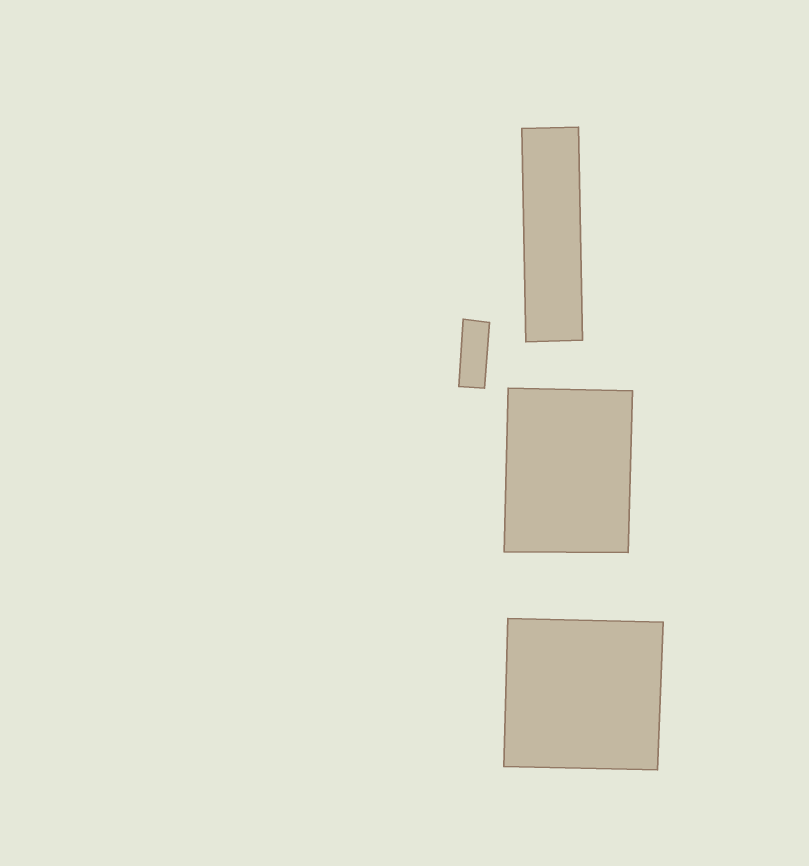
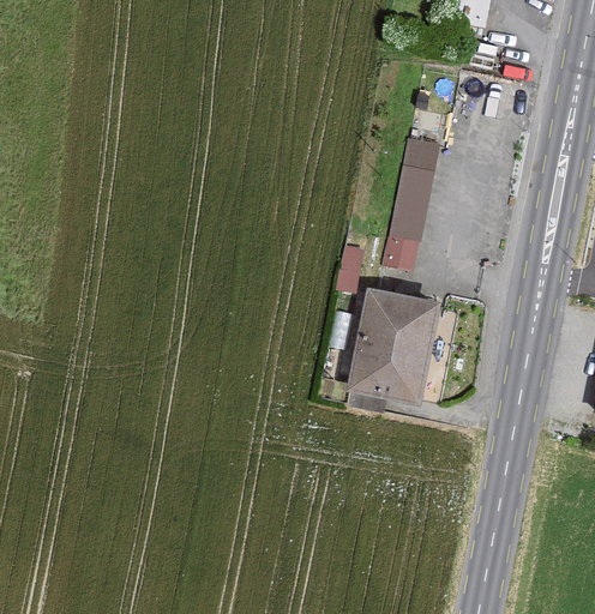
building: [504,618,663,770] -> none

